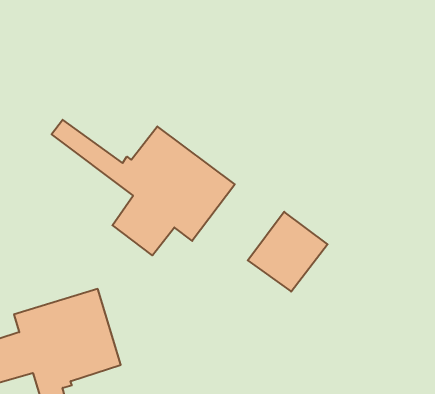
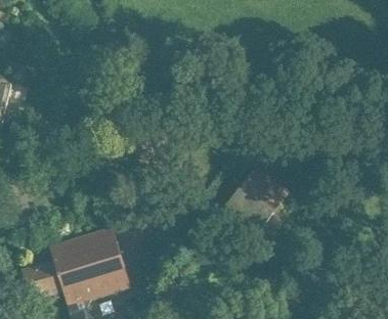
building: [52,120,235,255] -> none

